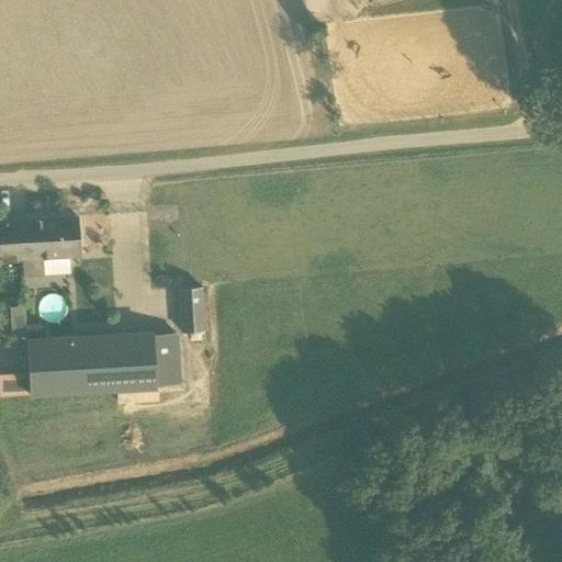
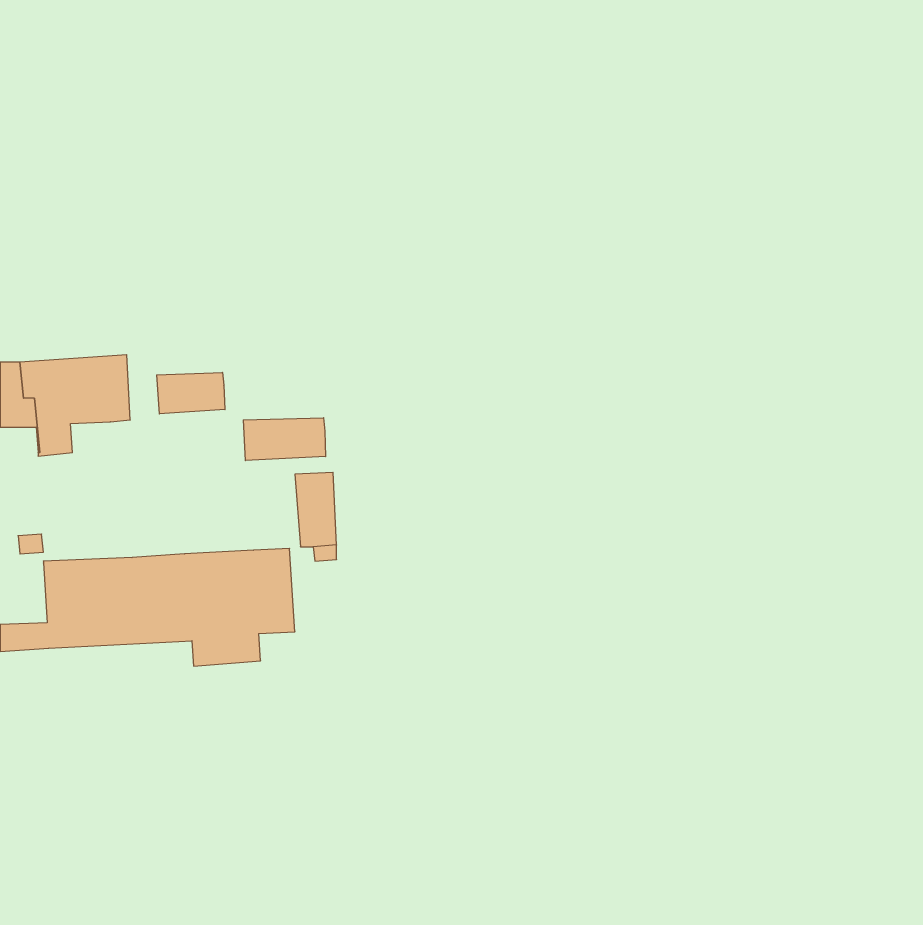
building: none -> [157,372,225,414]
building: none -> [243,418,326,461]

